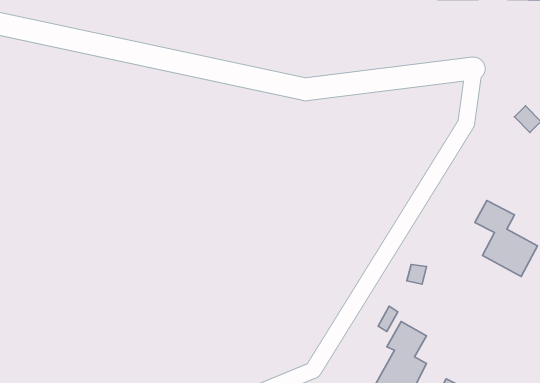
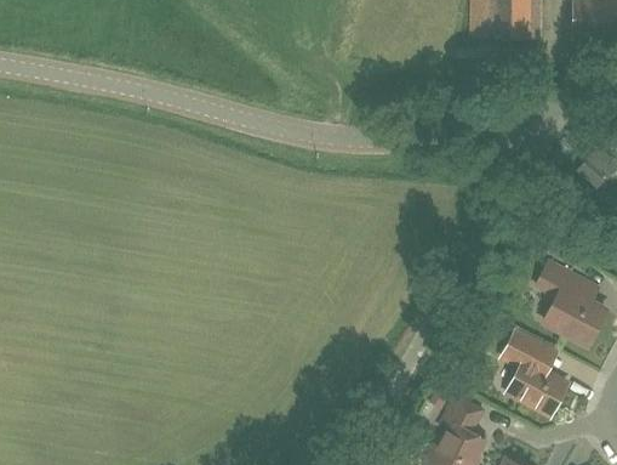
building: none -> [504,330,566,415]

